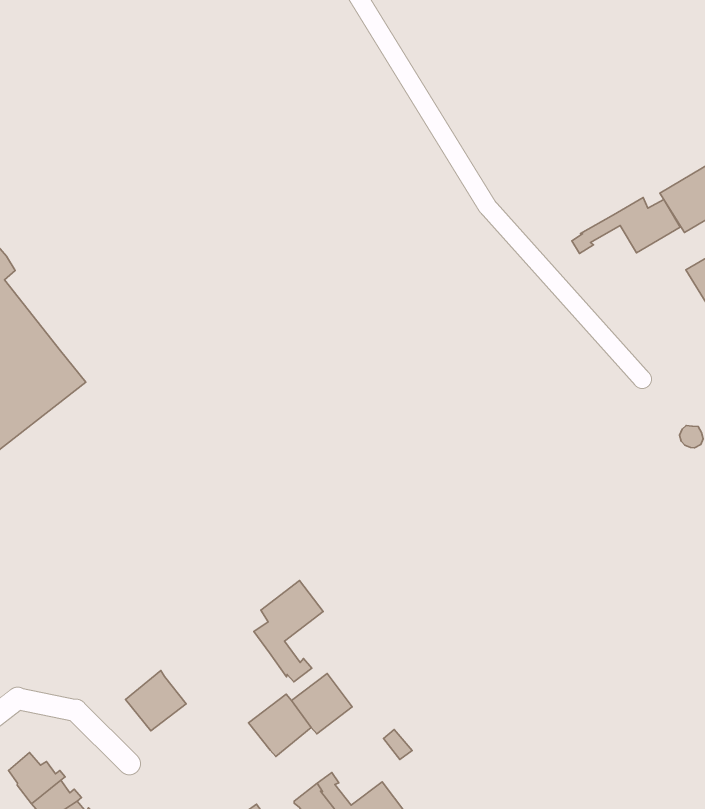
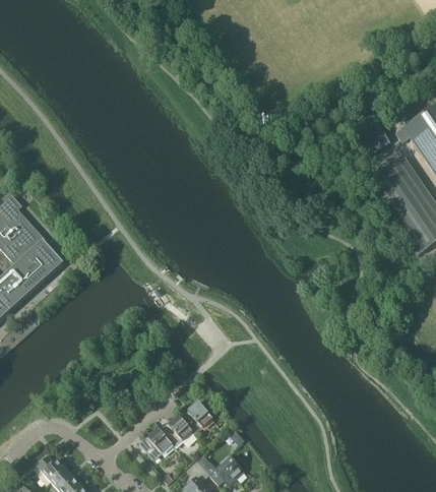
building: [572,198,680,253] -> none
building: [254,581,323,682] -> none
building: [125,670,186,731] -> [140,427,172,458]

